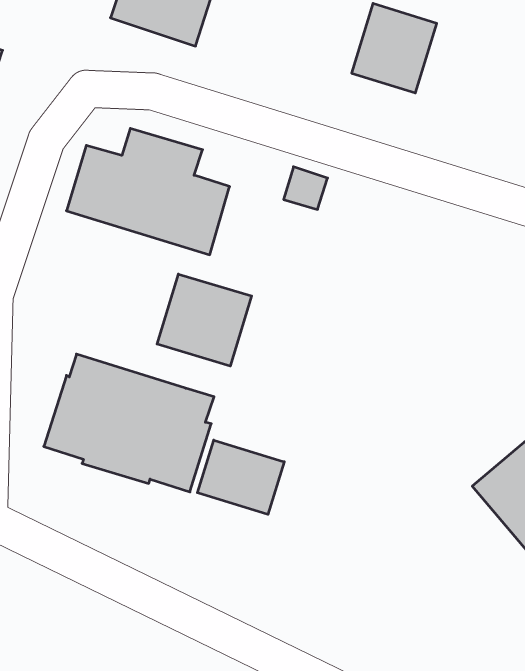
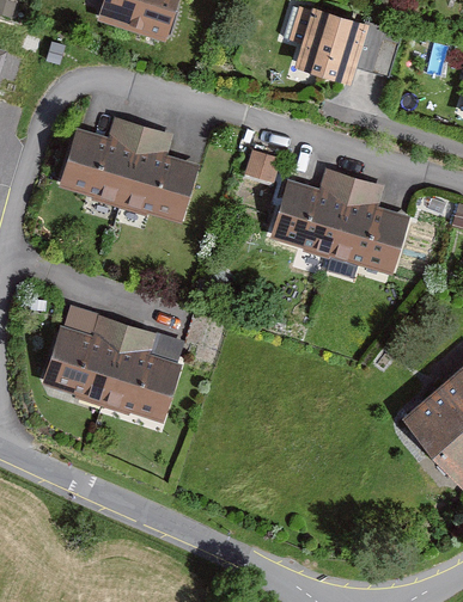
building: none -> [270,171,409,276]
building: [157,274,252,366] -> none
building: [197,440,284,514] -> none

